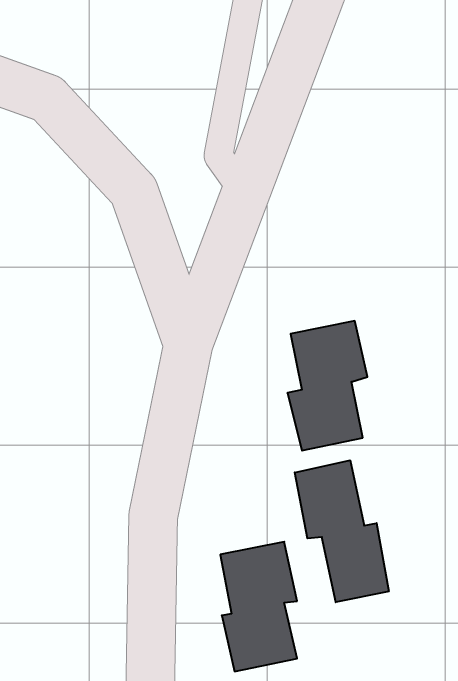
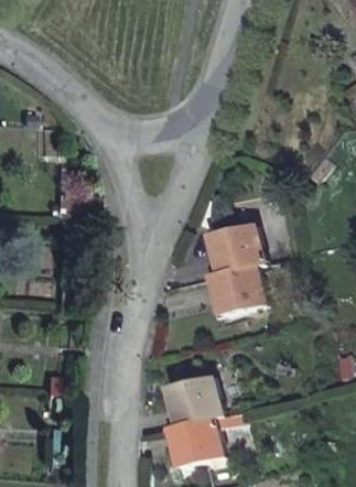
building: [295,460,389,602] -> none

